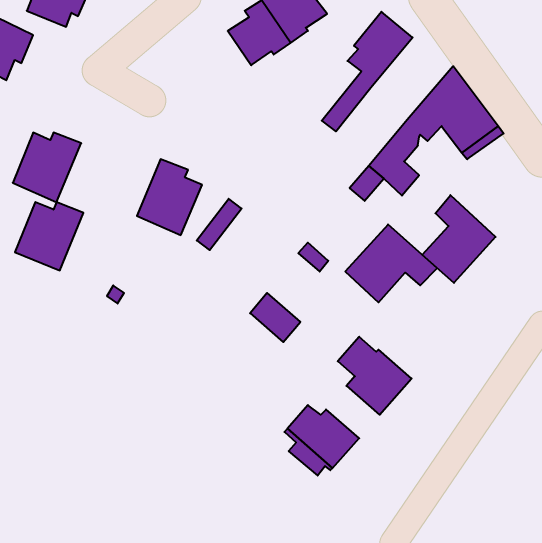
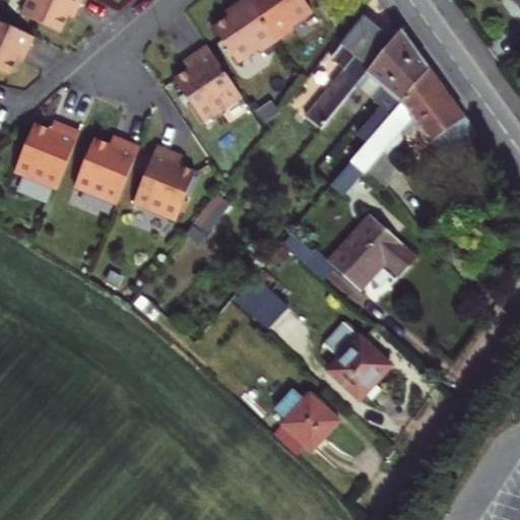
building: none -> [352,24,431,114]
building: none -> [171,49,239,124]
building: [422,195,496,283] -> none
building: [15,202,83,270] -> [70,141,135,206]

